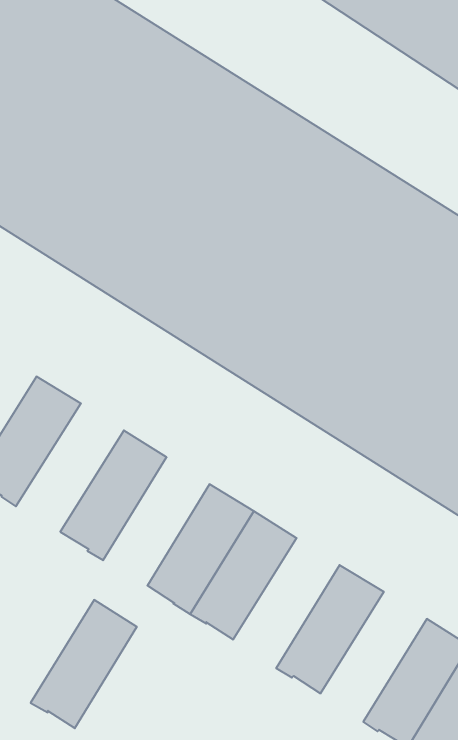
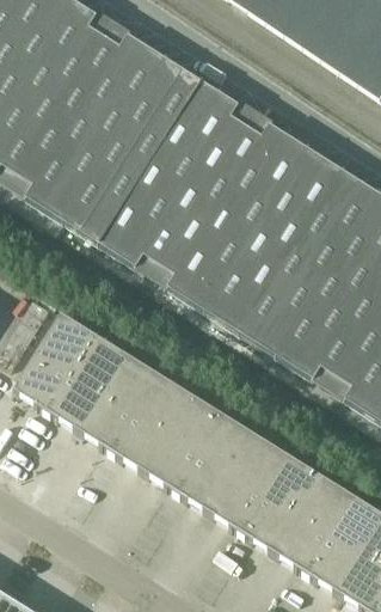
building: none -> [44,332,125,429]
building: none -> [208,434,288,532]
building: none -> [274,475,354,573]
building: [31,600,137,728] -> [110,373,190,470]

